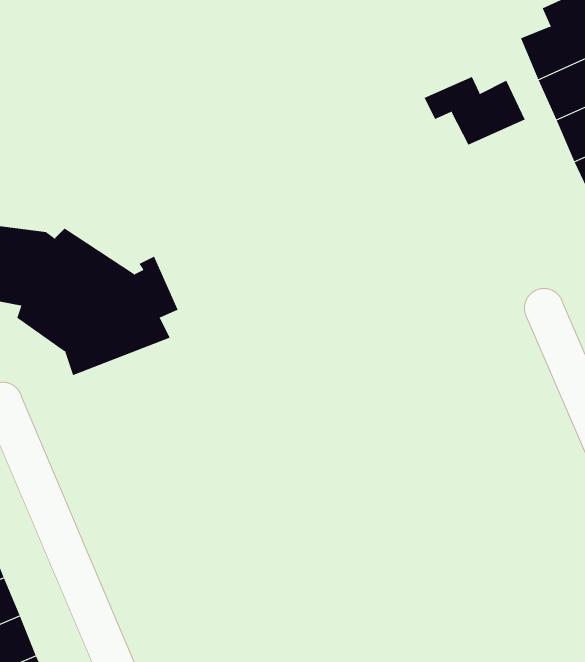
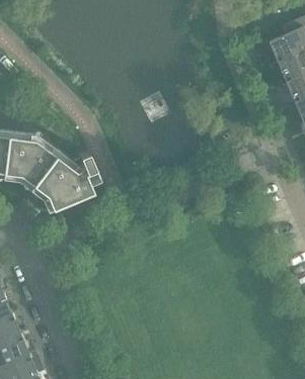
building: [424,76,526,146] -> none

